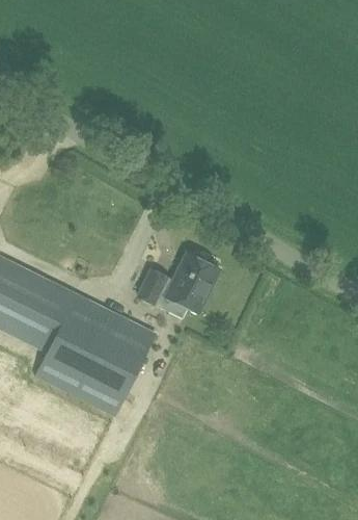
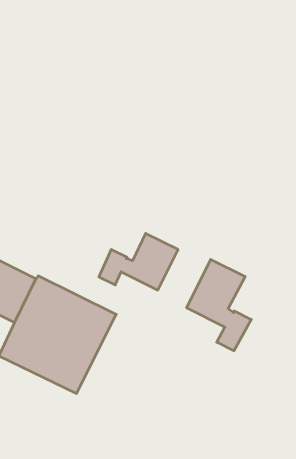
building: none -> [187,259,251,351]

